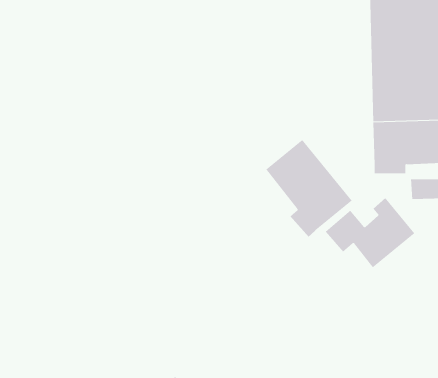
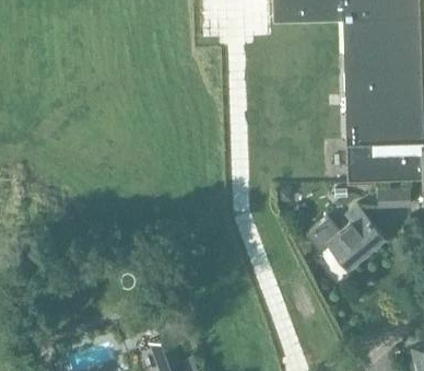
building: [265,139,353,237] -> none

